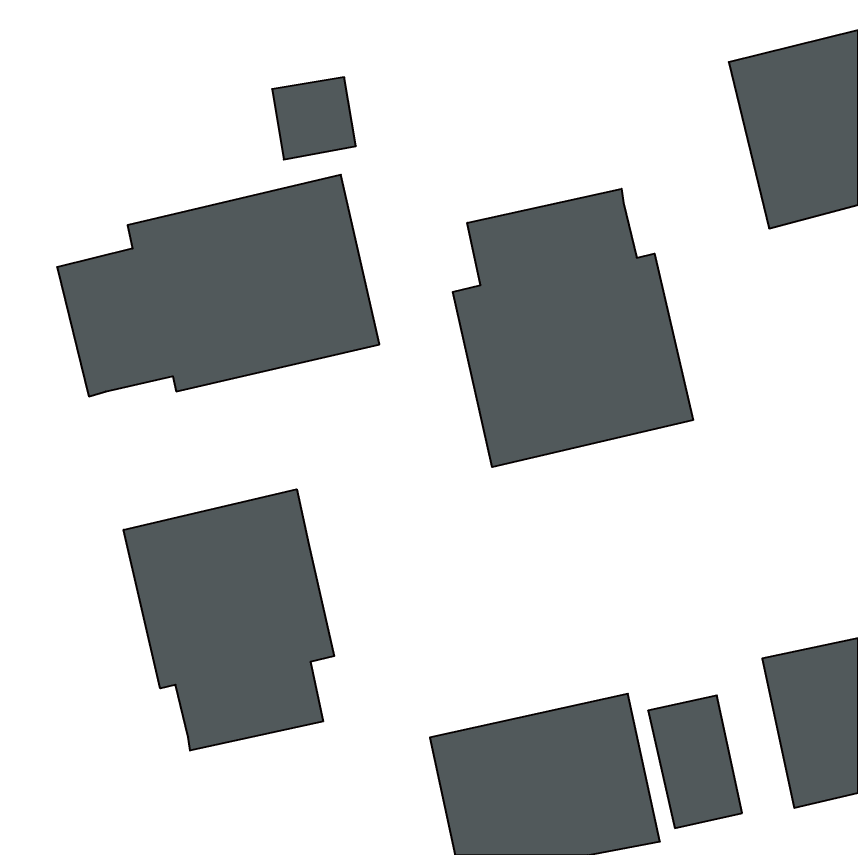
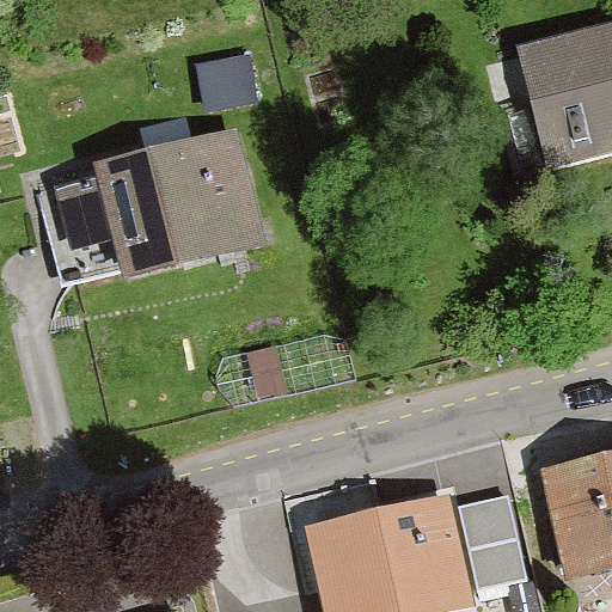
building: [453,189,693,467] -> none
building: [124,489,334,751] -> none

